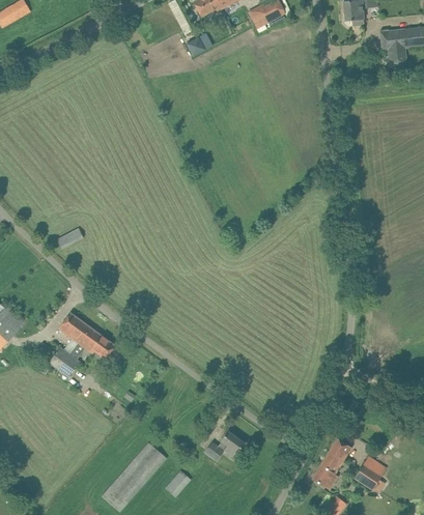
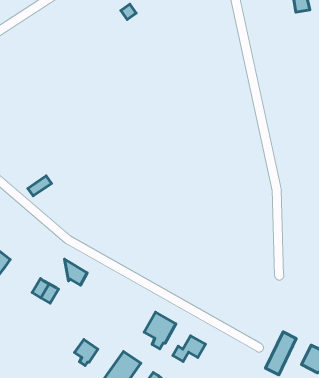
building: [58,312,90,342] -> none
building: none -> [144,312,176,349]
building: none -> [74,339,98,366]

